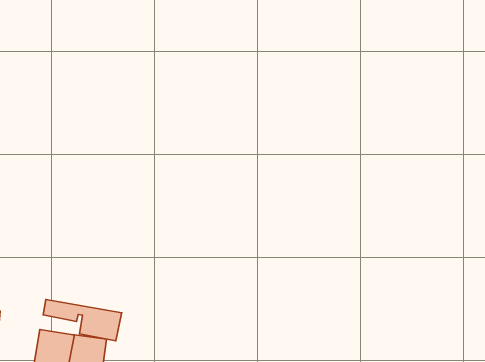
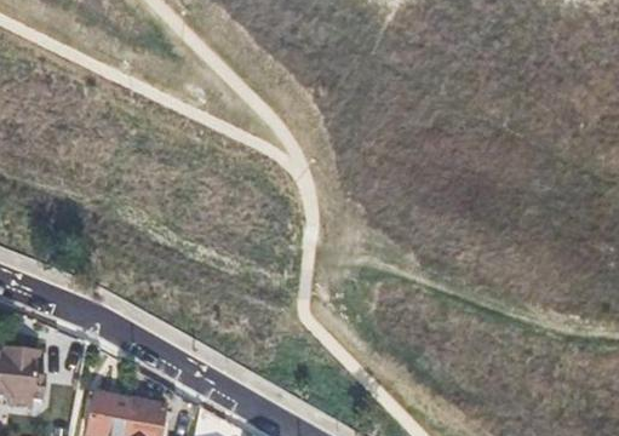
building: [43,300,122,341] -> none

